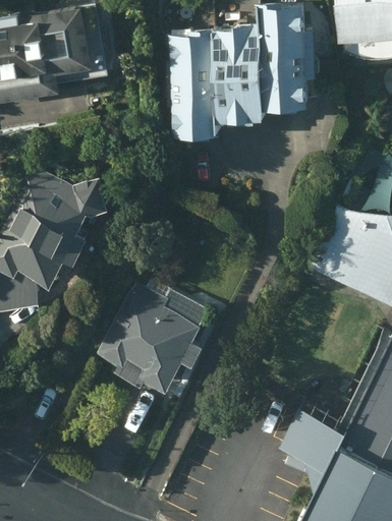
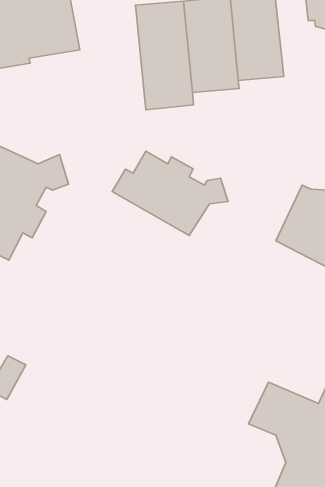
building: none -> [112,151,228,235]
building: [97,291,209,393] -> none

